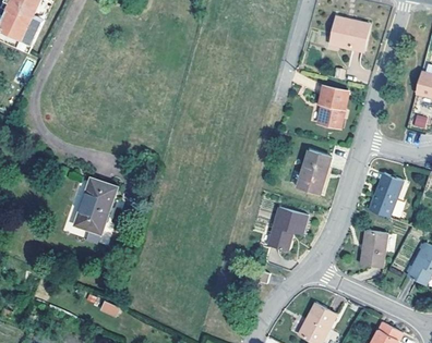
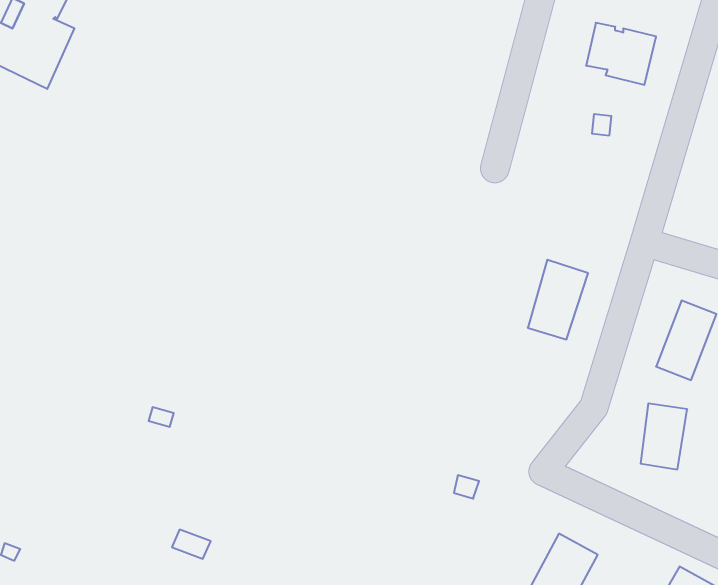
building: [316,85,348,127] -> none
building: [75,177,117,233] -> none
building: [267,207,307,250] -> none

